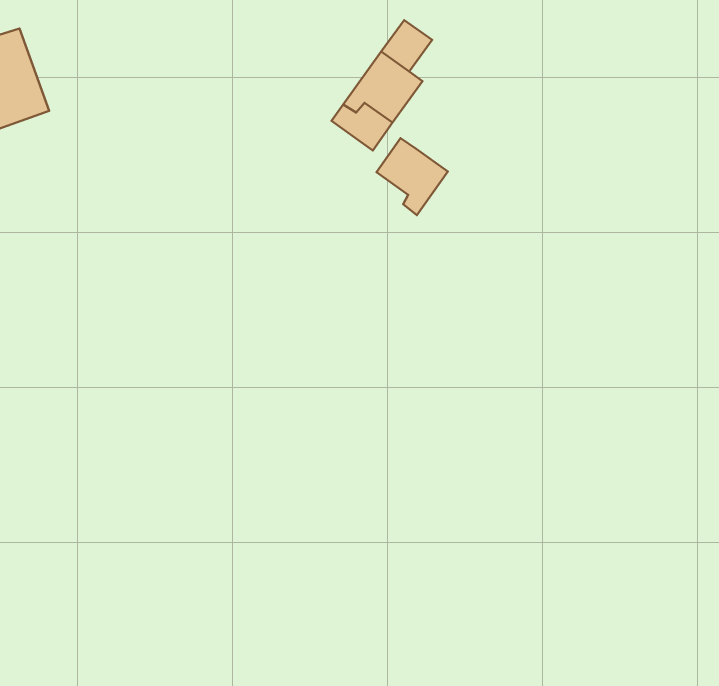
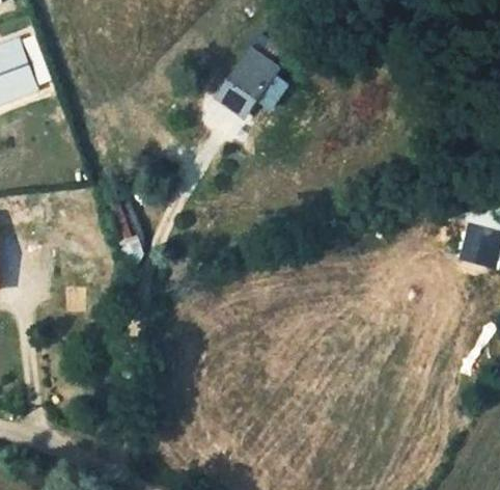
building: [377,138,448,215] -> none

